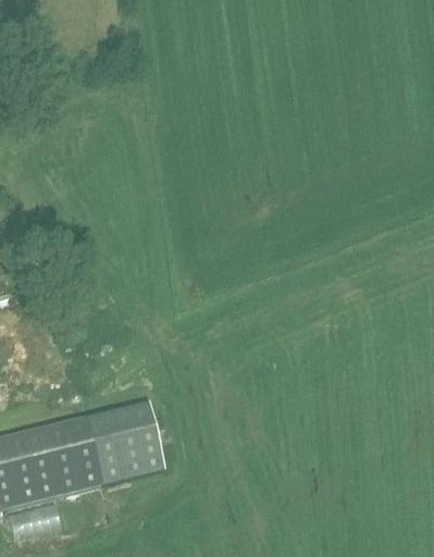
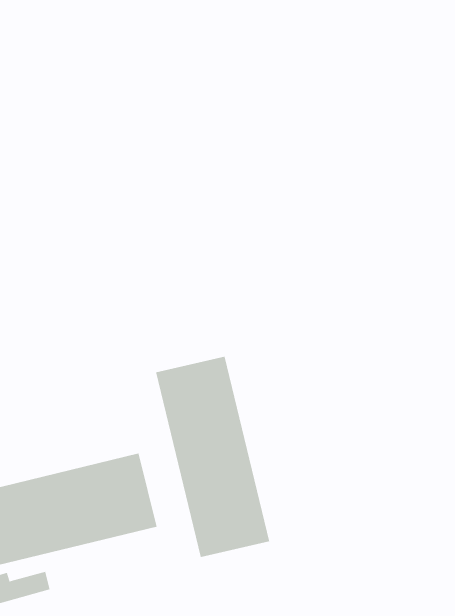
building: none -> [156,356,270,558]

